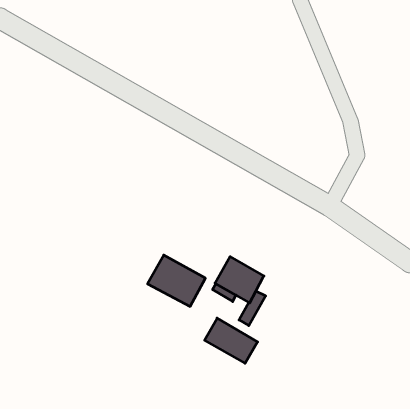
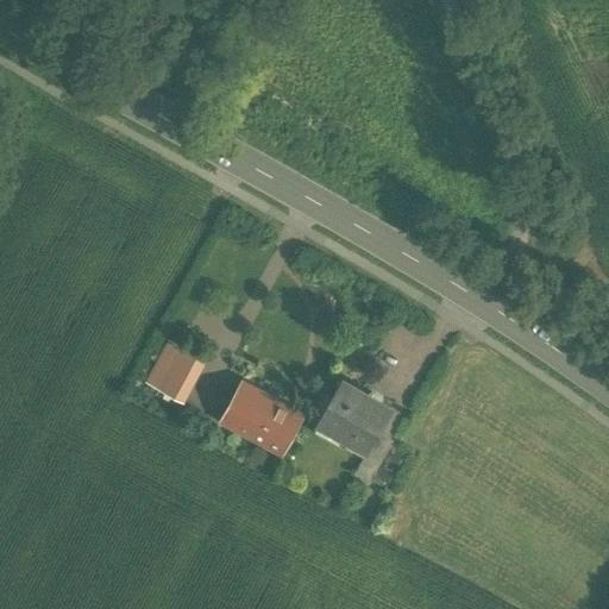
building: none -> [157,345,203,402]
building: [205,318,258,363] -> none

